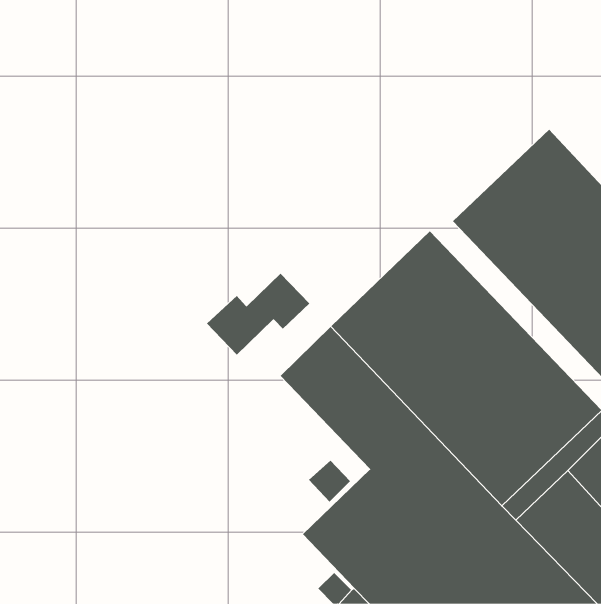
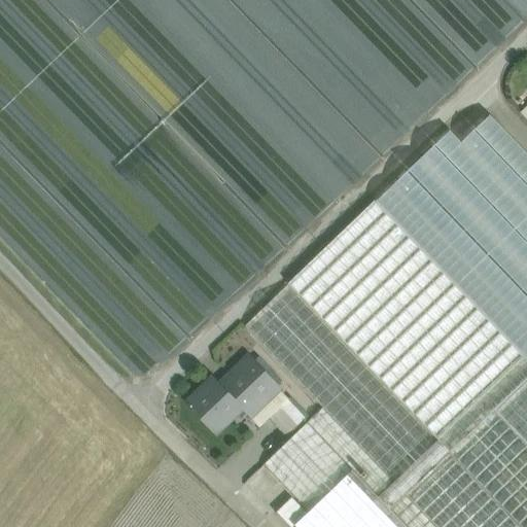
building: [206,273,310,355] -> [191,359,282,431]

